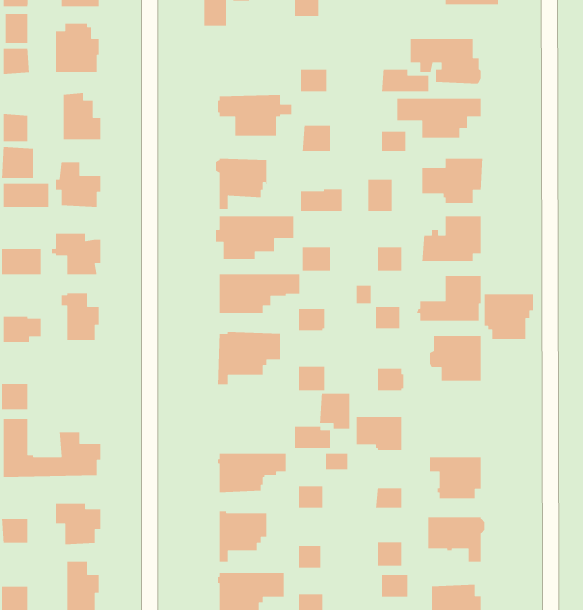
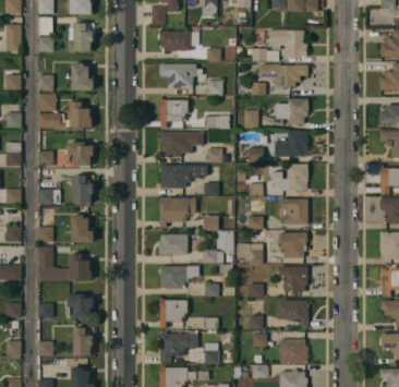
building: none -> [158,31,197,49]
building: [484,294,534,340] -> [279,232,307,258]
building: none -> [70,214,93,241]
building: none -> [157,233,186,253]

